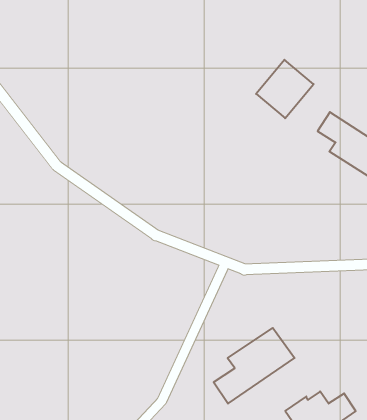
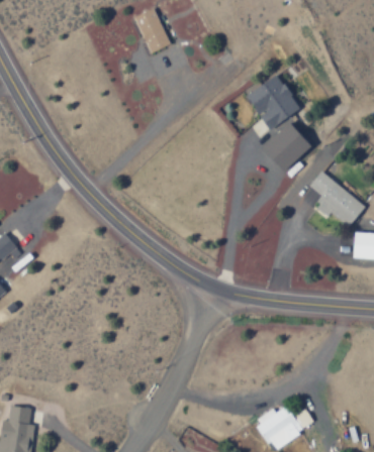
building: none -> [246,75,299,129]
building: [214,328,295,404] -> none

